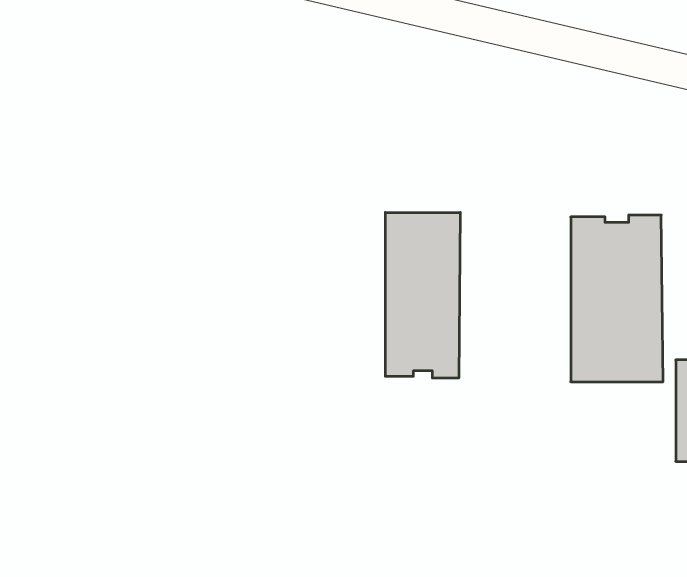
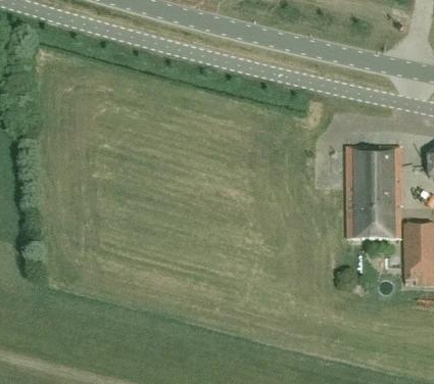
building: [385,212,460,378] -> none

